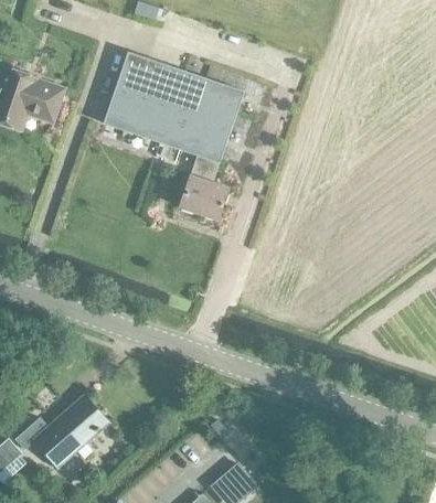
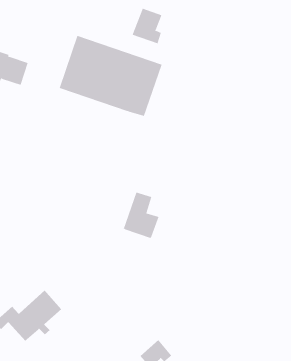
building: none -> [132,8,162,44]
building: [180,156,230,220] -> [123,192,159,239]

